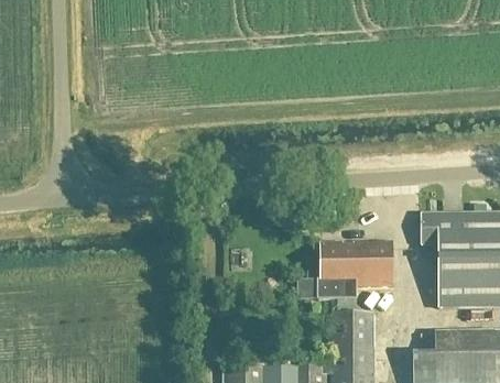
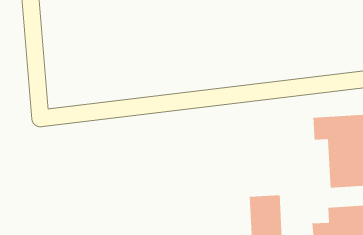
building: [316,241,393,299] -> none

